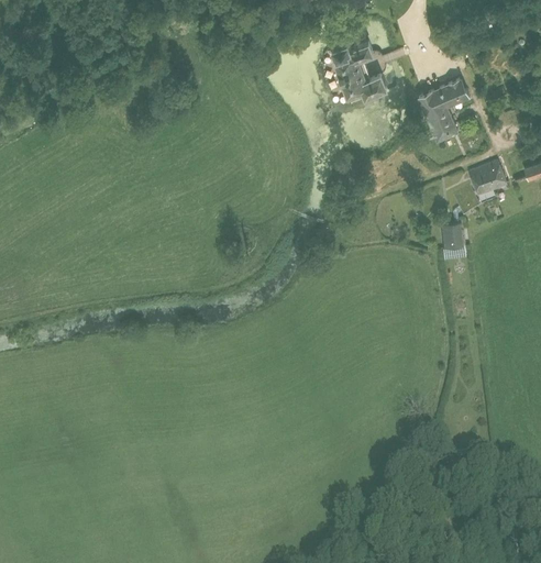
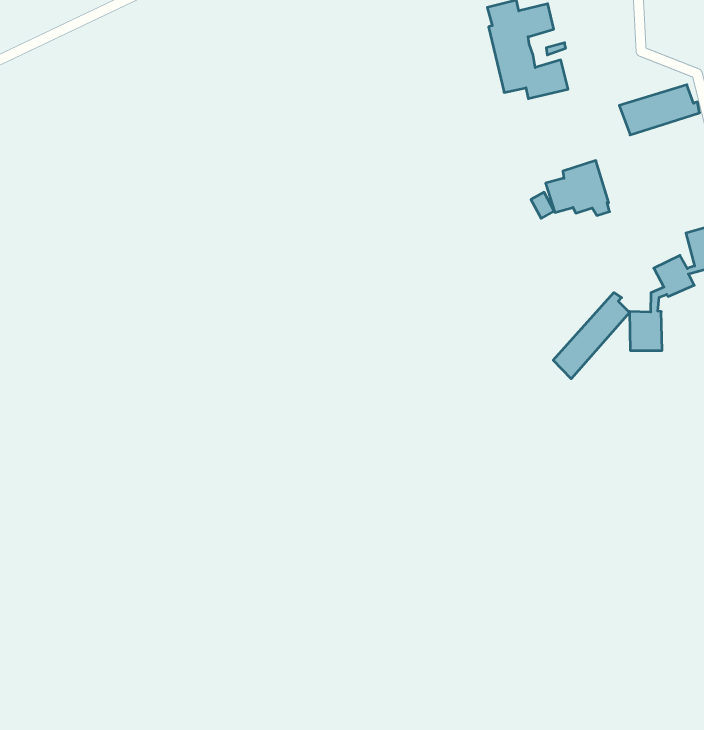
building: [419,106,461,141] -> [546,161,610,215]
building: none -> [553,293,629,379]

